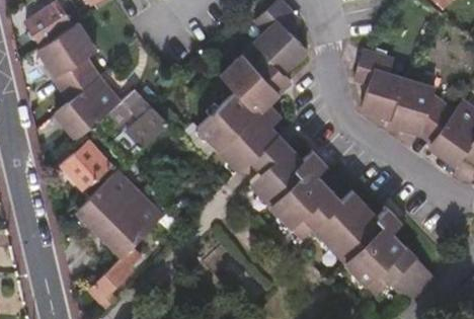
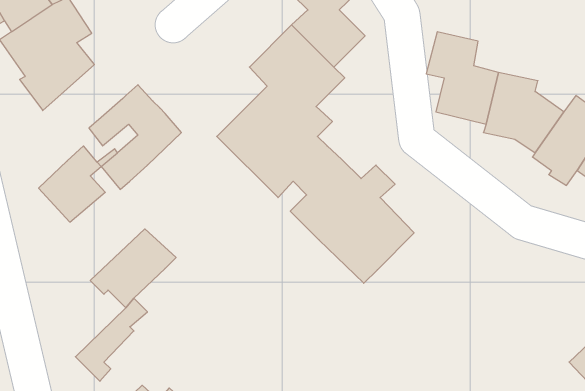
building: [50,74,124,143] -> none
building: [78,173,140,235] -> none
building: [313,188,436,300] -> none

